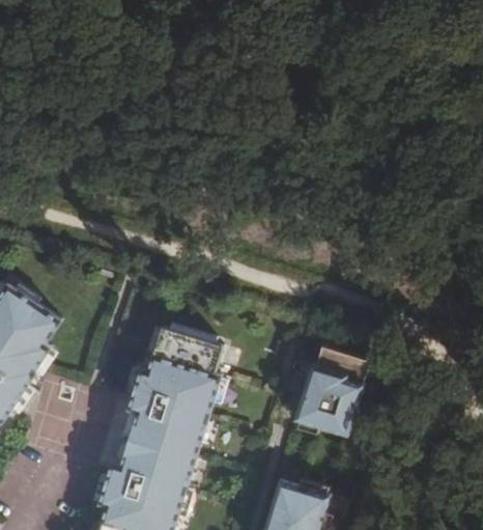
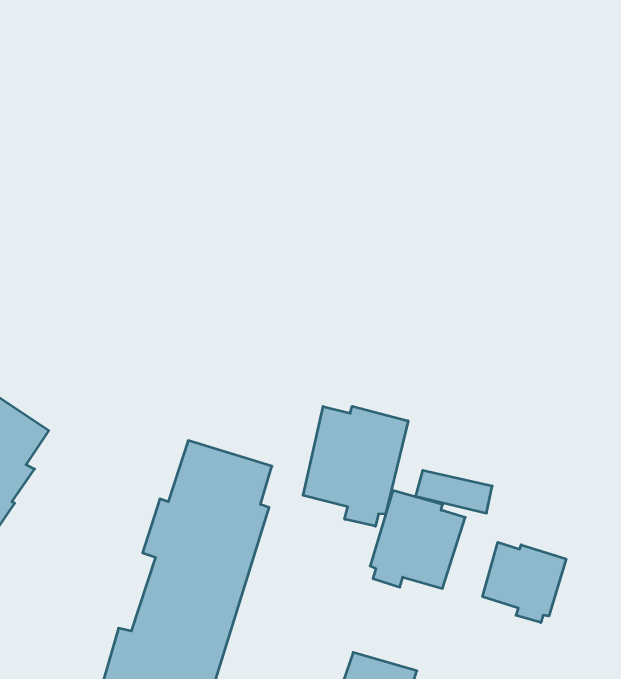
building: none -> [303,406,408,526]
building: none -> [483,542,566,623]

